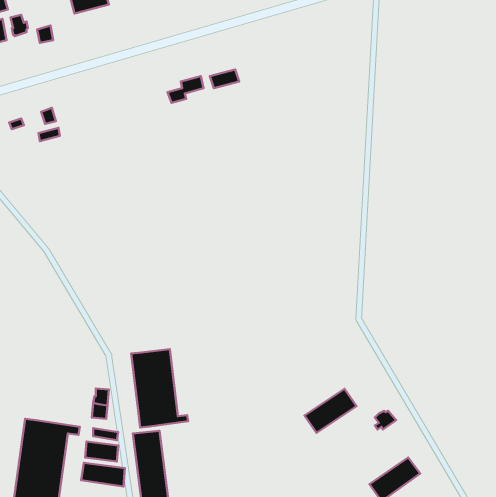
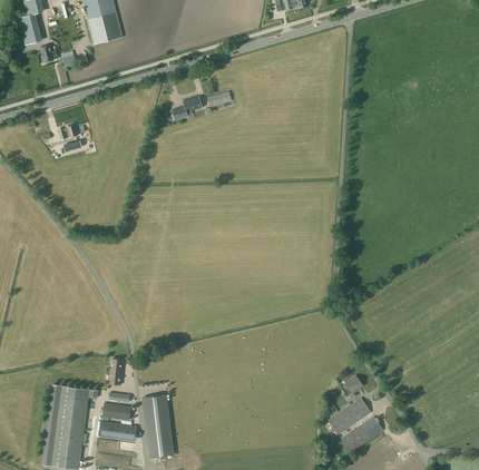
building: [131,349,188,428] -> none
building: [305,389,356,433] -> [328,398,371,434]

